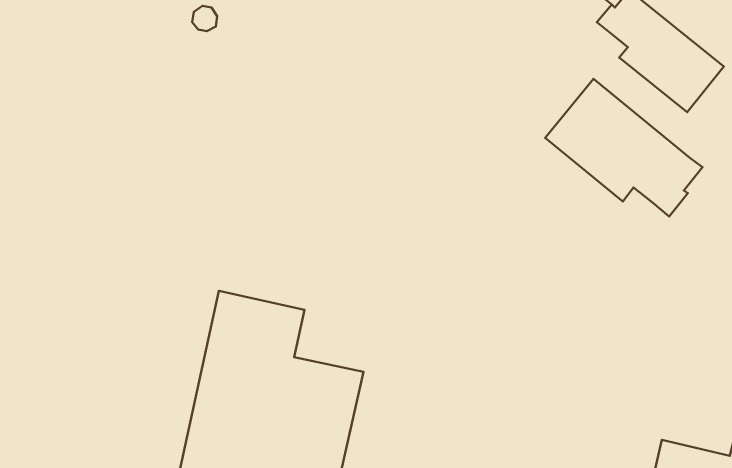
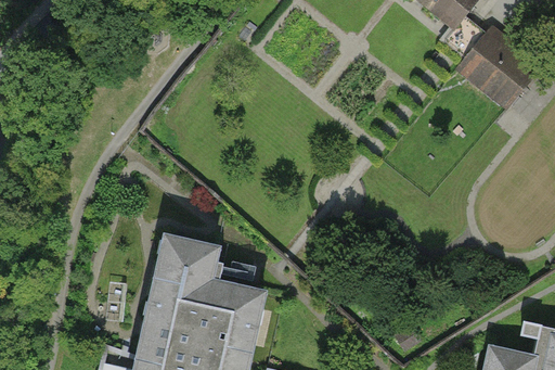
building: [545,79,702,217] -> none

